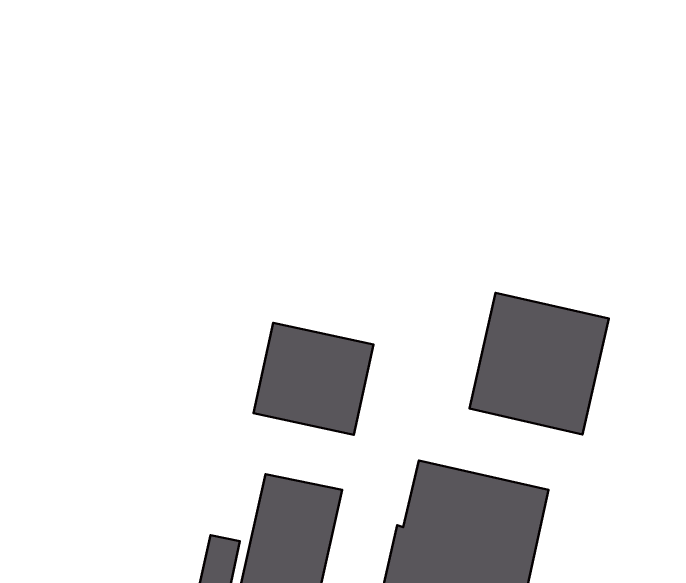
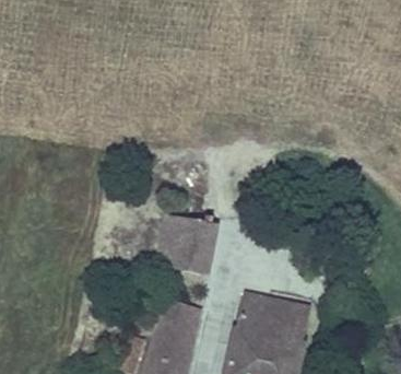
building: [469,293,609,434] -> none

